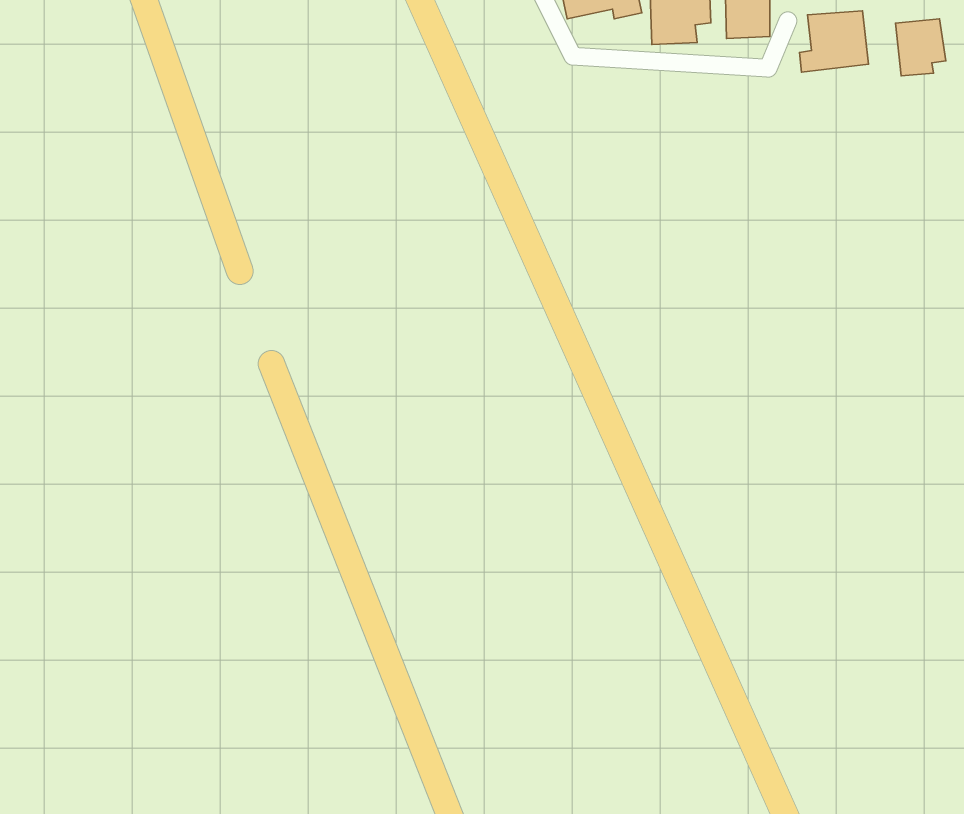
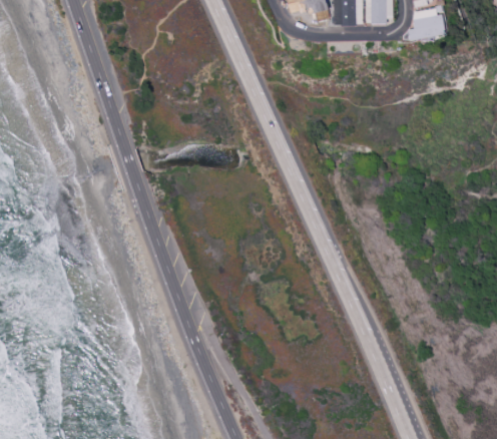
building: [895,19,946,76] -> none

